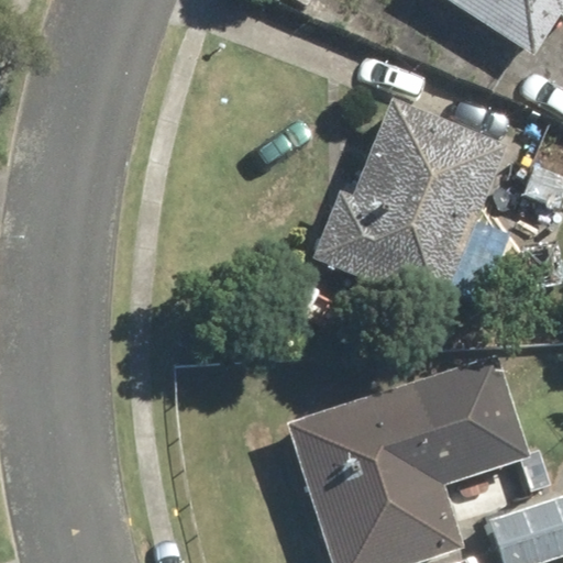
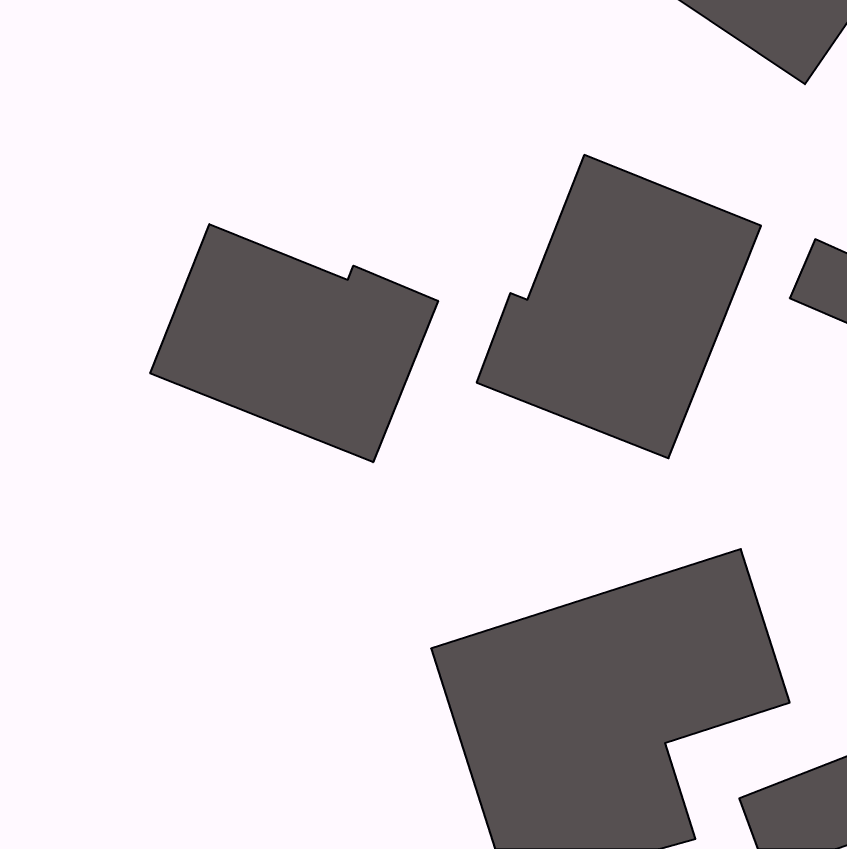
building: none -> [150,224,438,462]

